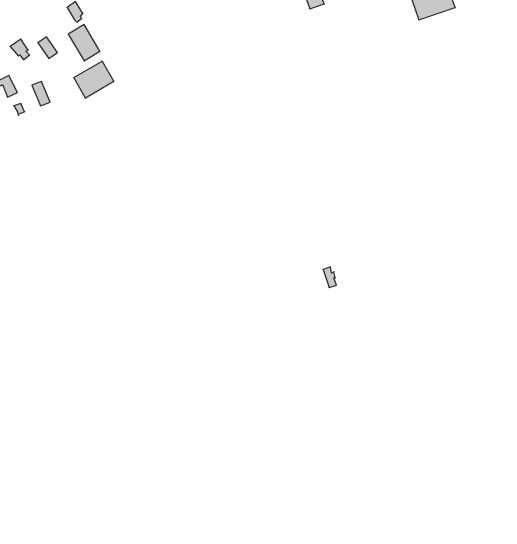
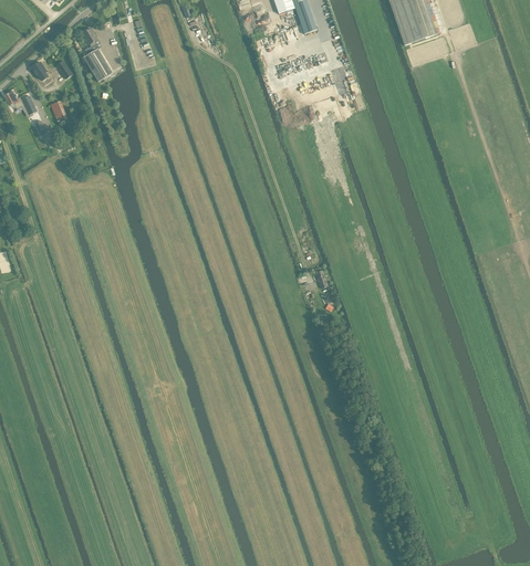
building: [74,61,114,98] -> none

